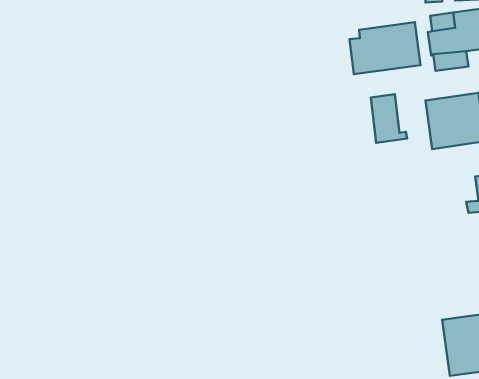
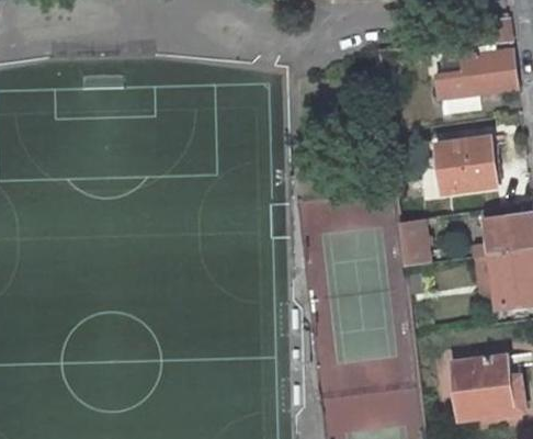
building: [349,22,421,74] -> none
building: [371,94,407,143] -> [399,217,435,266]

